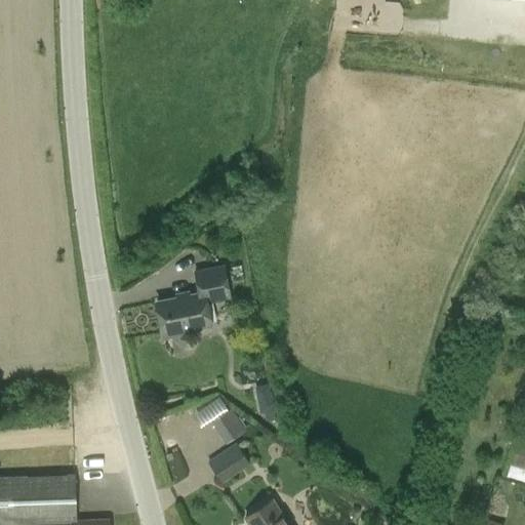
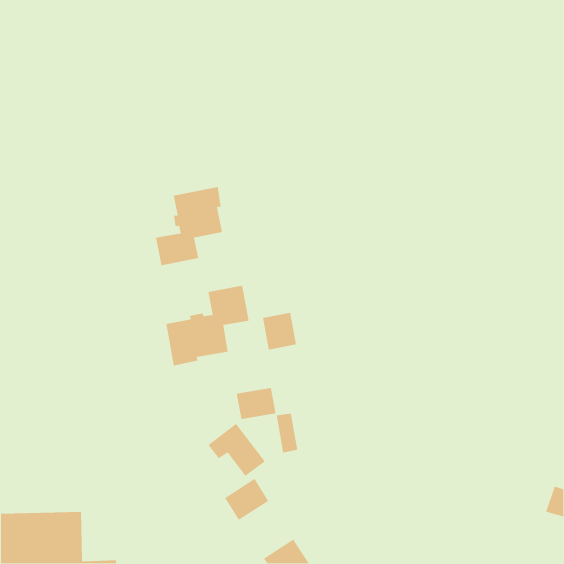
building: none -> [155,186,223,266]
building: none -> [262,312,297,351]
building: none -> [236,387,277,420]

